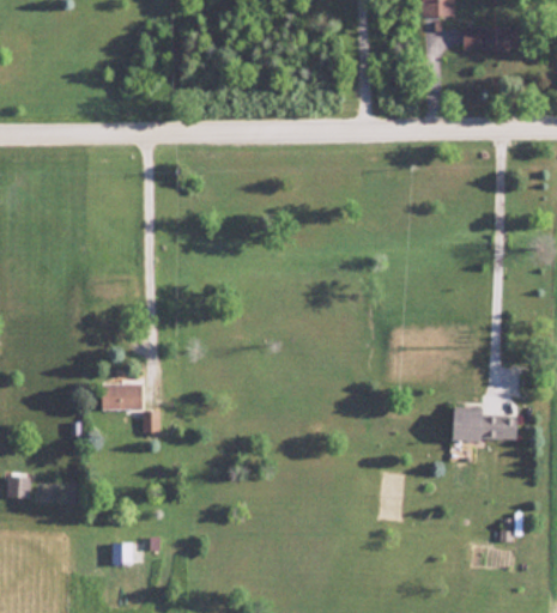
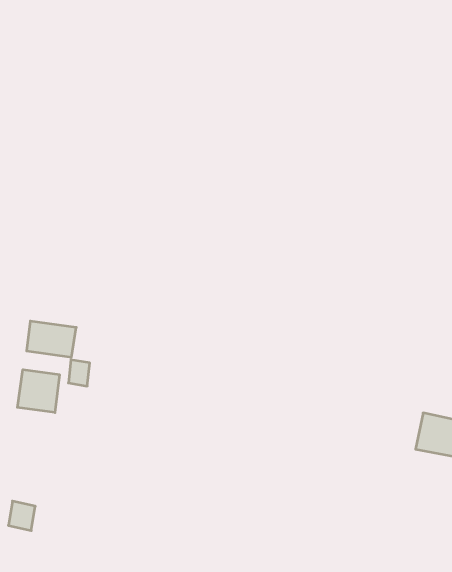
building: none -> [17,370,59,413]

